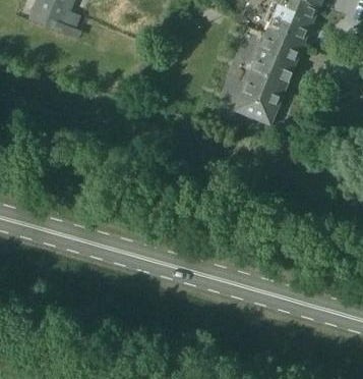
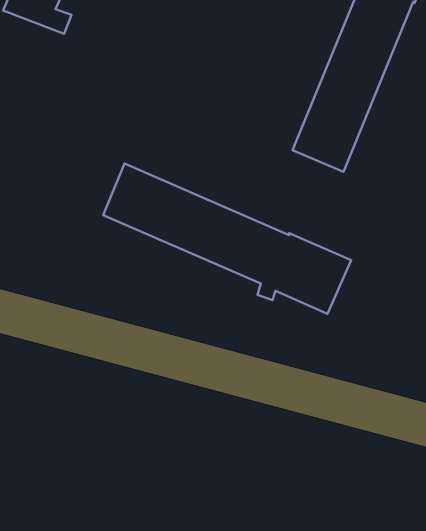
building: none -> [103,163,351,314]

